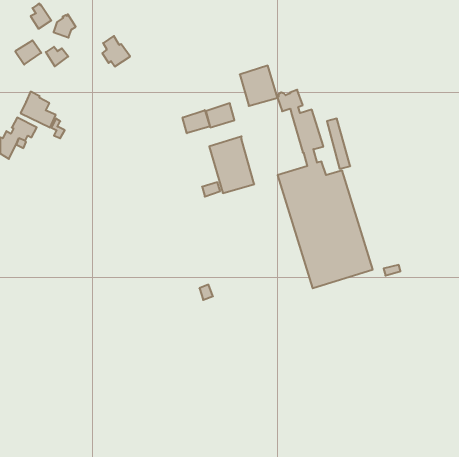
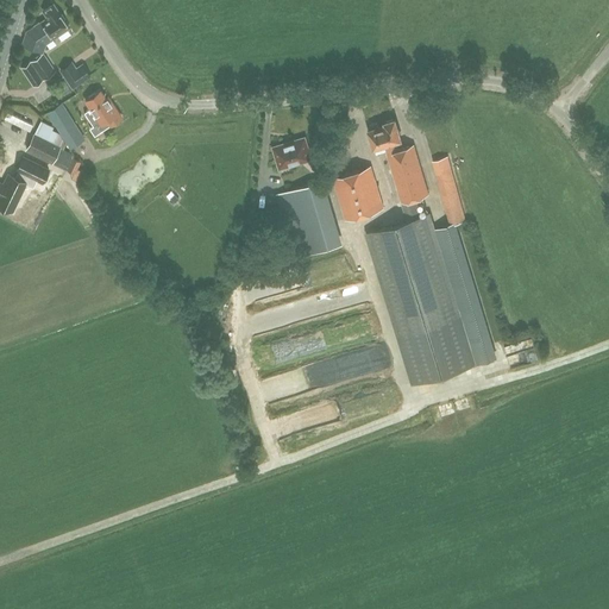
building: [53,14,76,38] -> [21,24,51,55]
building: [102,36,130,66] -> [84,93,121,133]
building: [240,66,278,106] -> [333,168,383,221]
building: none -> [46,106,83,147]
building: [183,110,210,133] -> none

